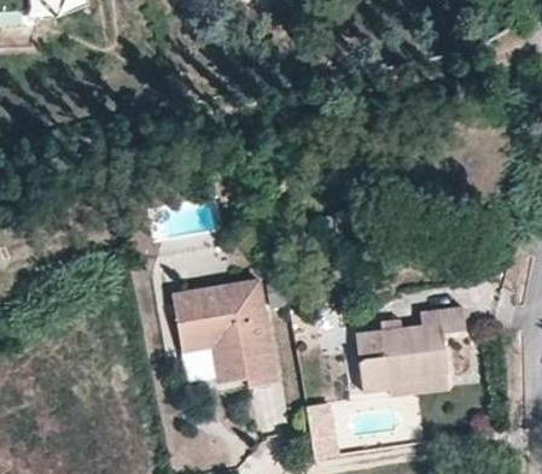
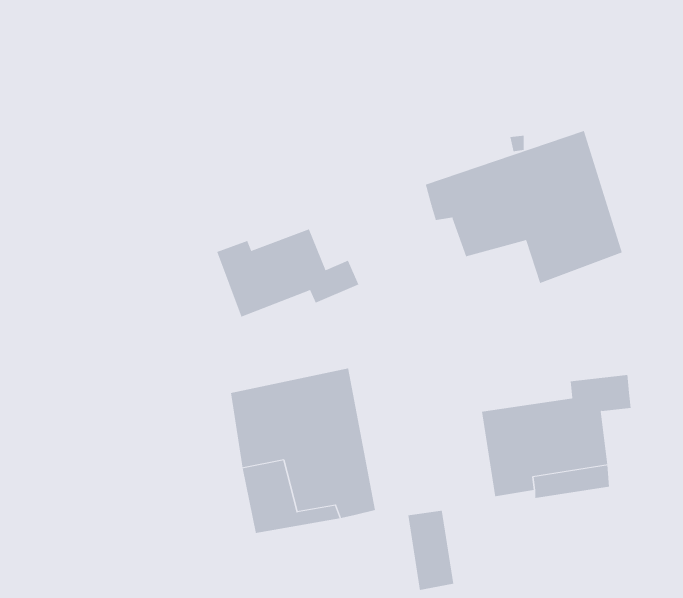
building: none -> [425,130,623,284]
building: none -> [217,229,359,318]

